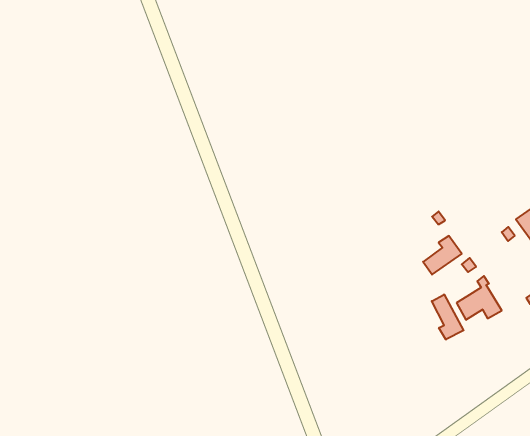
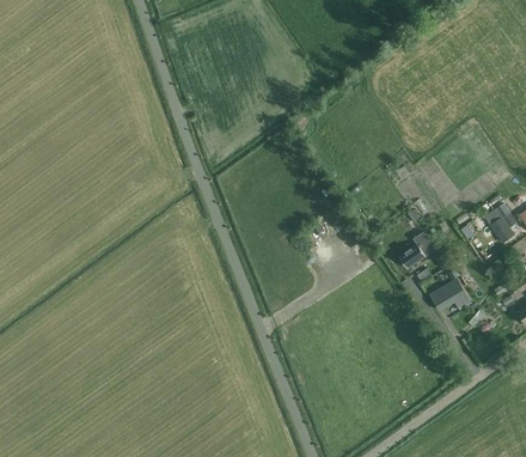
building: [432,294,464,340] -> none

